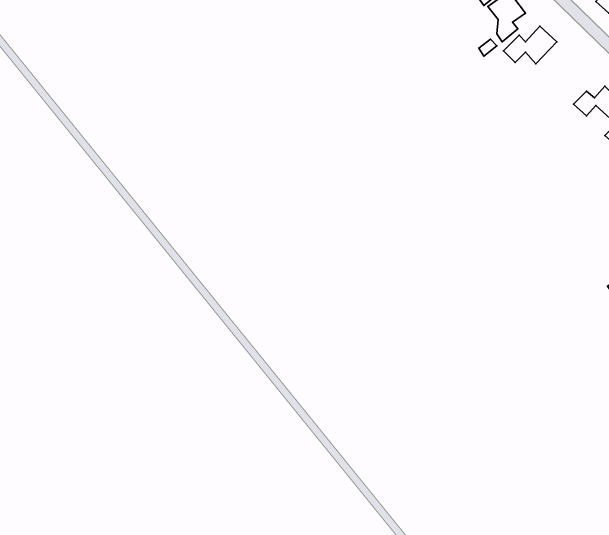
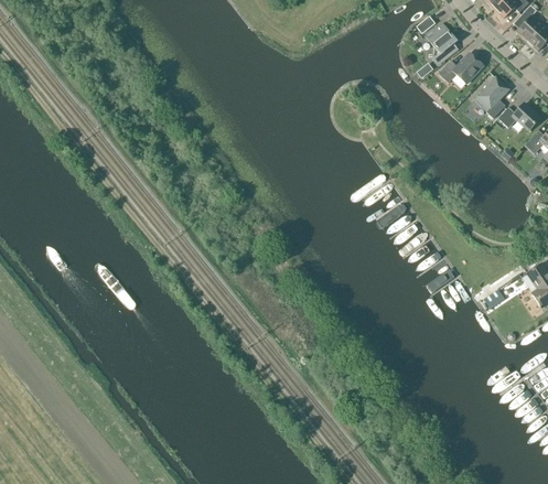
building: none -> [476,77,508,118]

